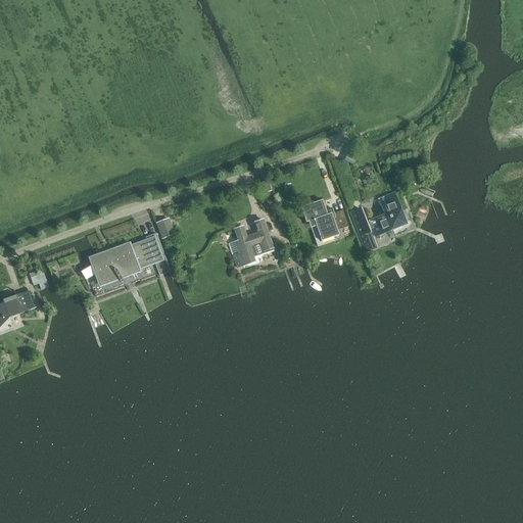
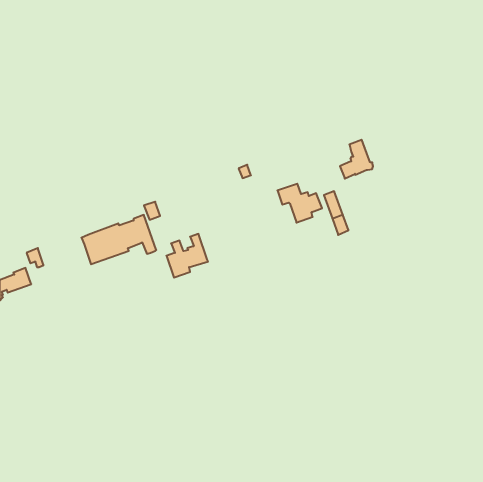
building: [369,192,405,234] -> [340,140,373,179]
building: [228,219,273,266] -> [166,234,208,278]

